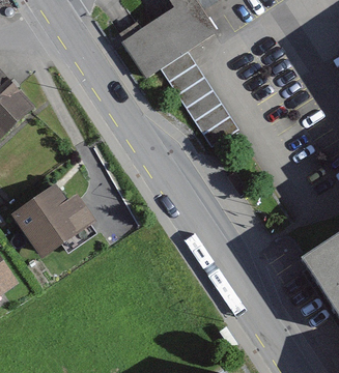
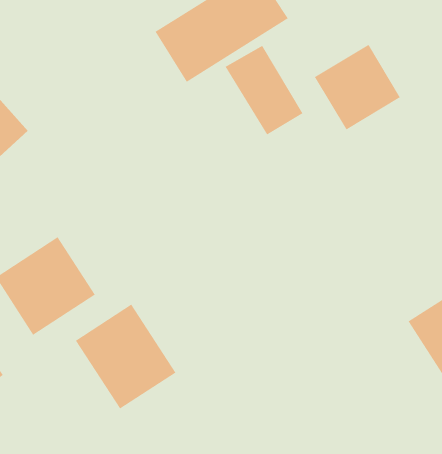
building: none -> [314,44,401,131]
building: none -> [75,304,176,410]

